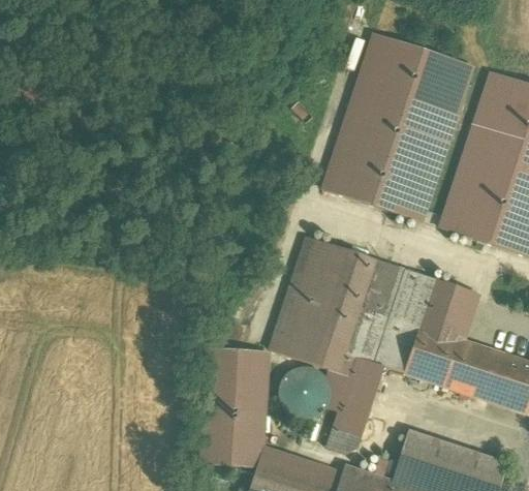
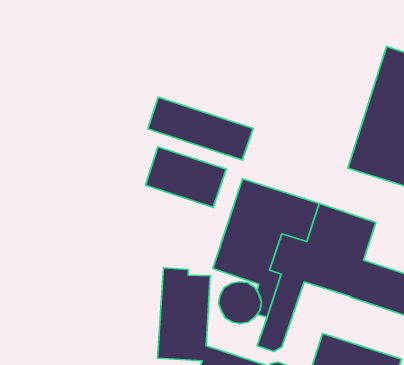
building: [324,32,473,220] -> none
building: none -> [148,97,253,160]
building: none -> [145,147,226,208]

